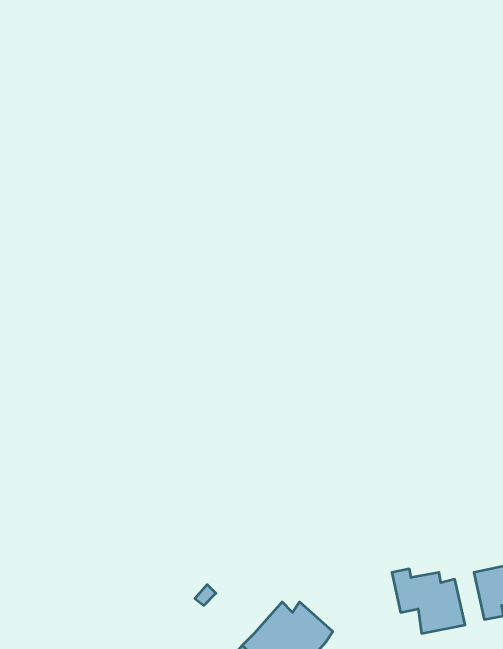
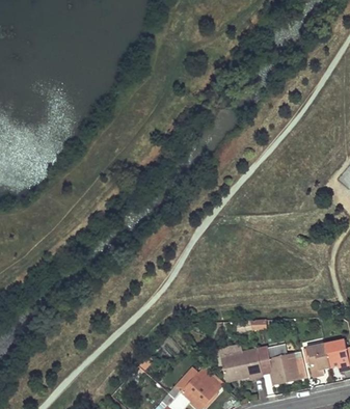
building: none -> [220,349,262,379]

